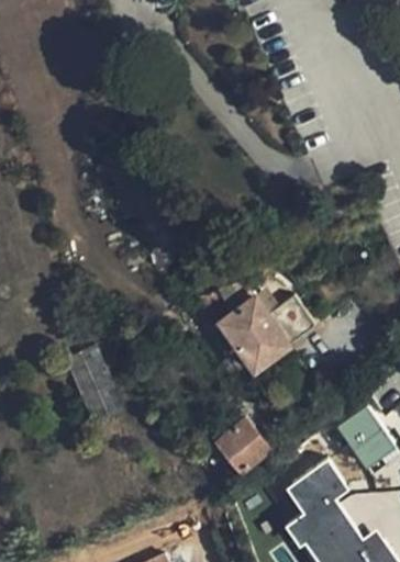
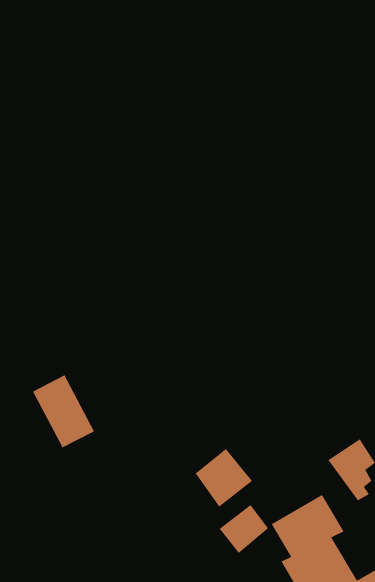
building: [203,289,311,374] -> none
building: none -> [219,504,269,554]

